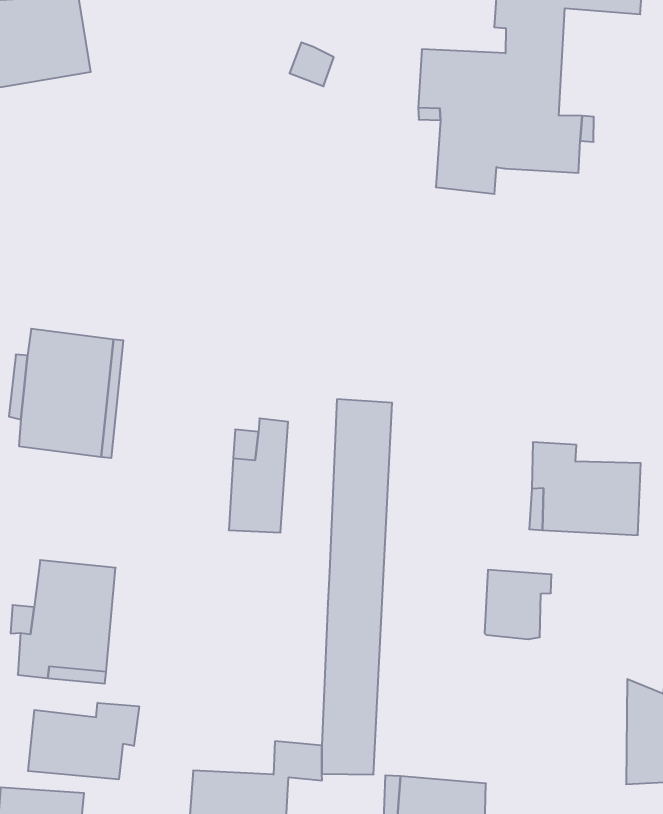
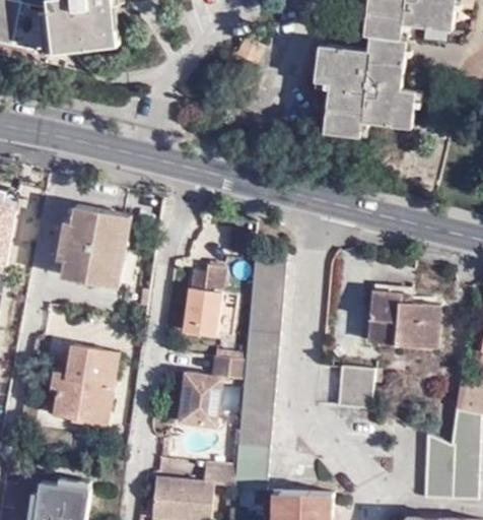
building: none -> [180,356,246,428]
building: [28,703,139,779] -> none

